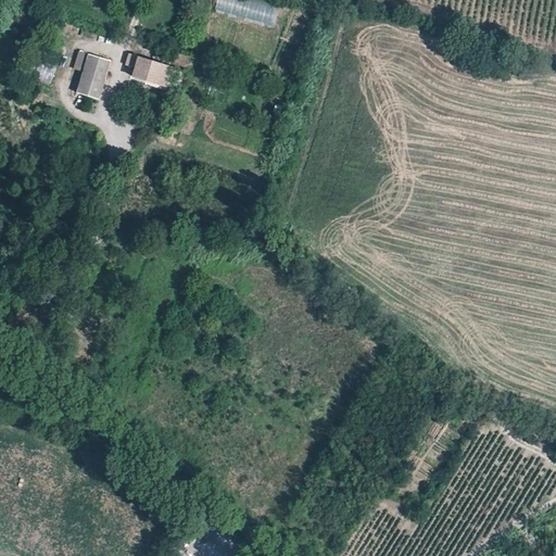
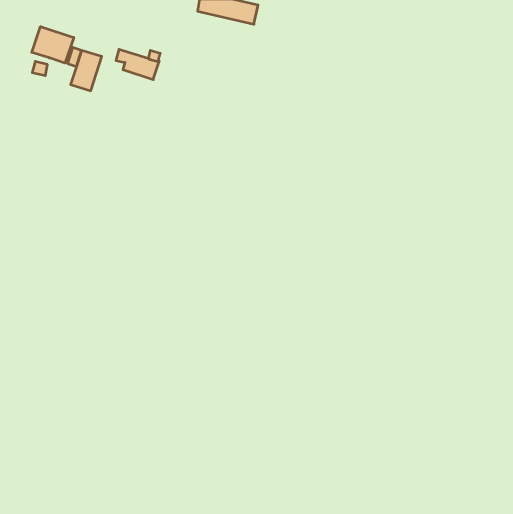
building: none -> [32,27,74,63]

